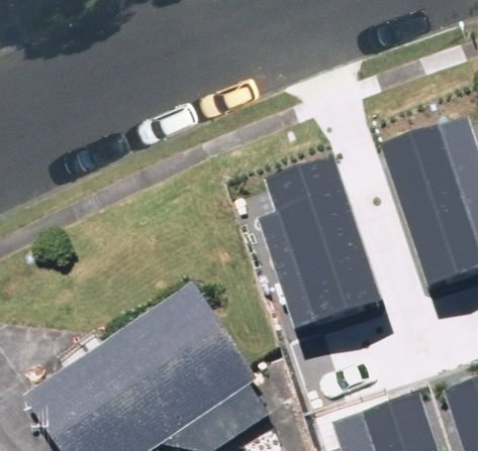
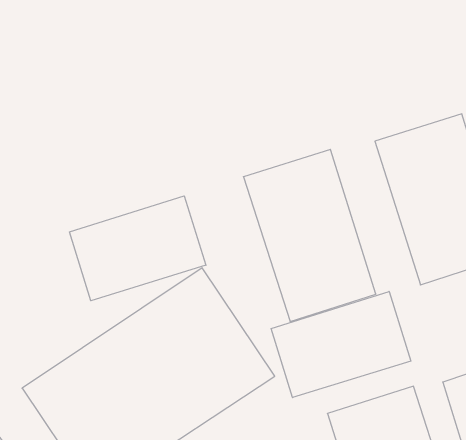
building: none -> [69,196,206,301]
building: none -> [271,291,411,398]

